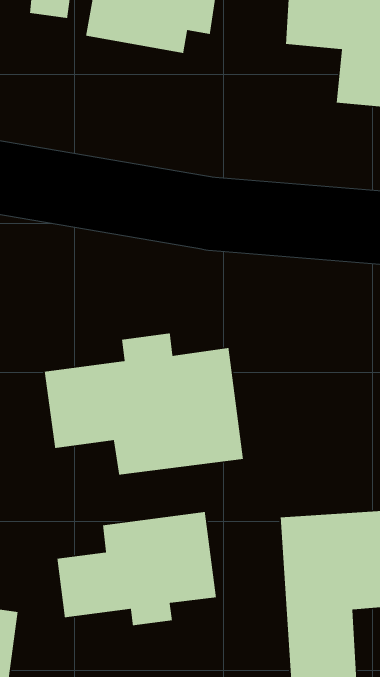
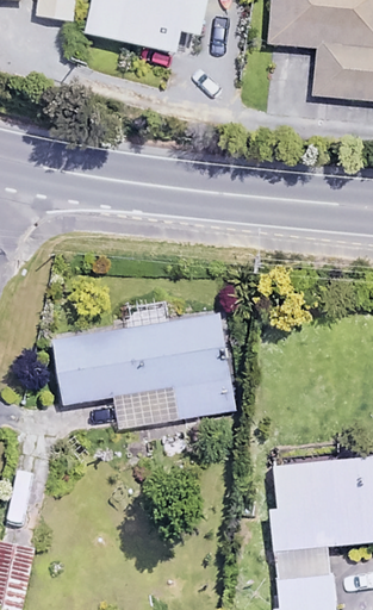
building: [57,511,217,626] -> none

